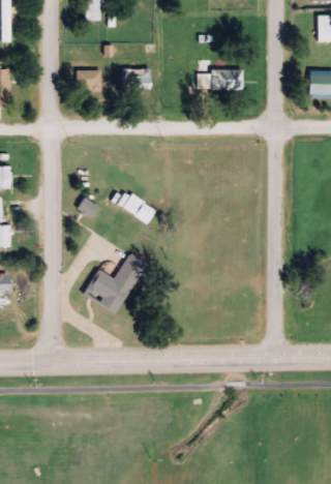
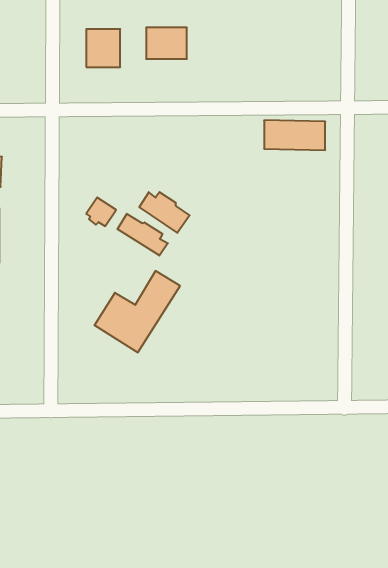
building: [192,68,239,91] -> [264,120,325,150]
building: none -> [117,214,168,256]

